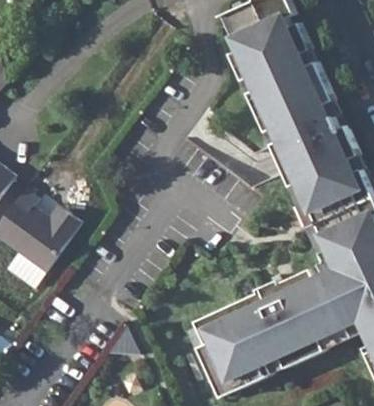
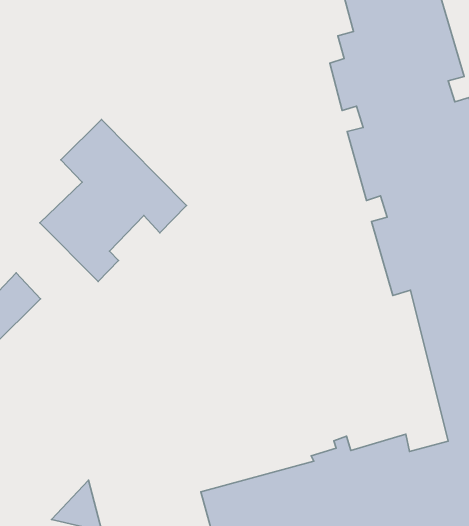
building: none -> [40,120,186,281]

